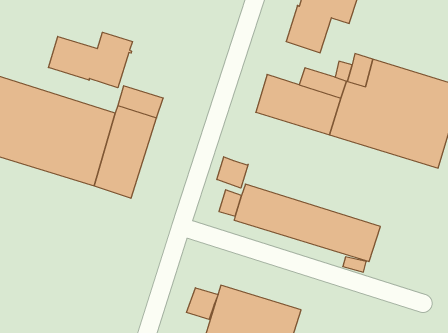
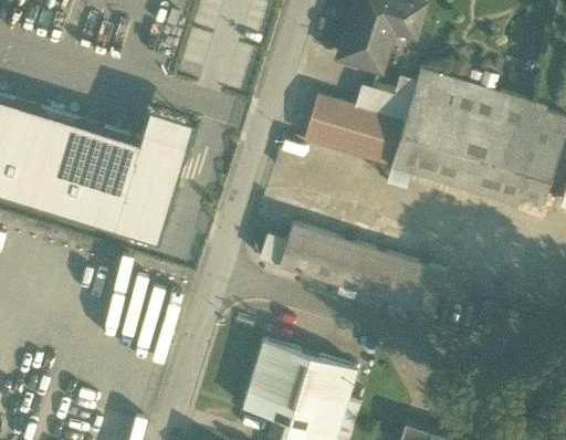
building: [48,32,132,88] -> none
building: [217,157,248,188] -> none
building: [187,288,218,320] -> none

